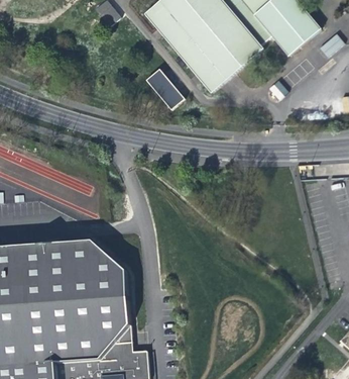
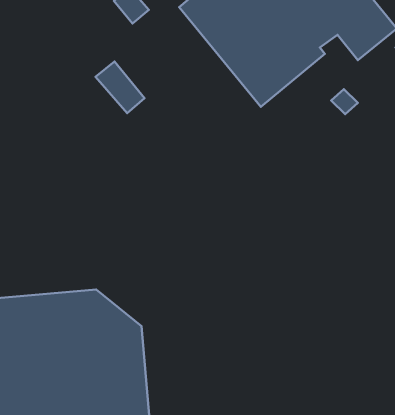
building: [145,68,185,109] -> [96,62,145,113]

